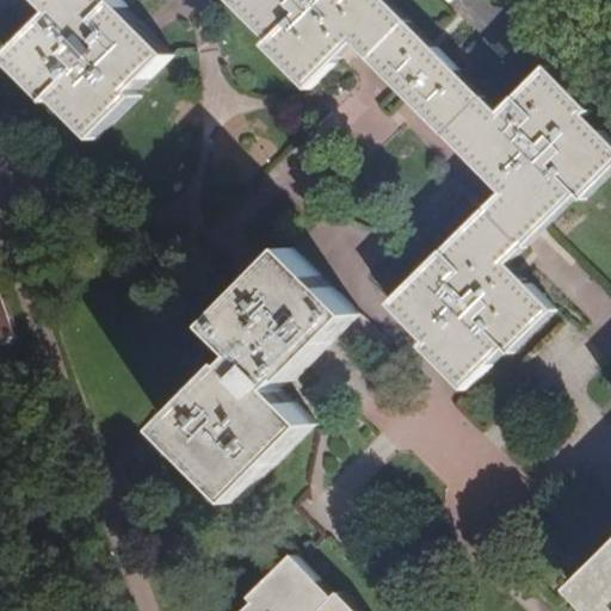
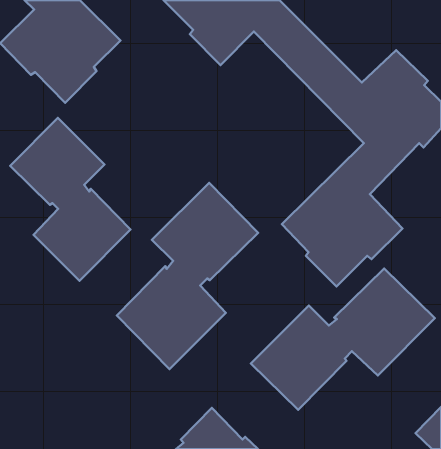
building: none -> [10,118,130,281]
building: none -> [251,268,435,410]

